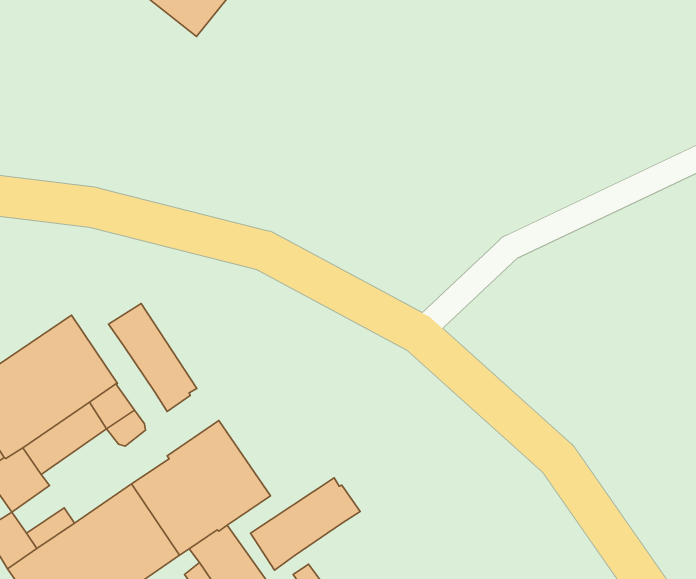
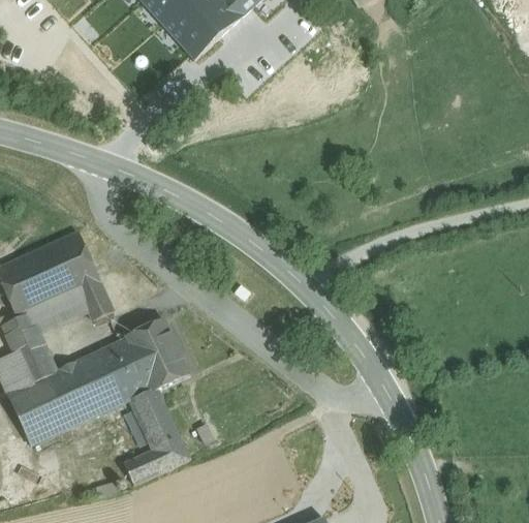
building: [108,304,197,411] -> none
building: [251,478,360,570] -> none
building: none -> [15,341,51,370]

